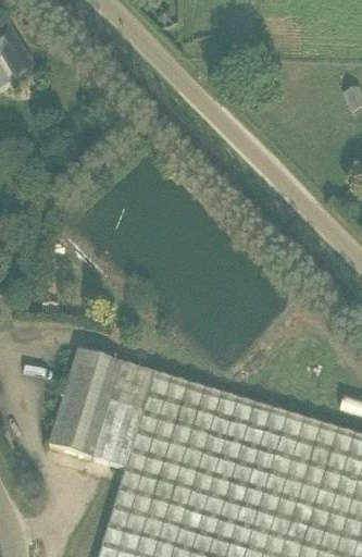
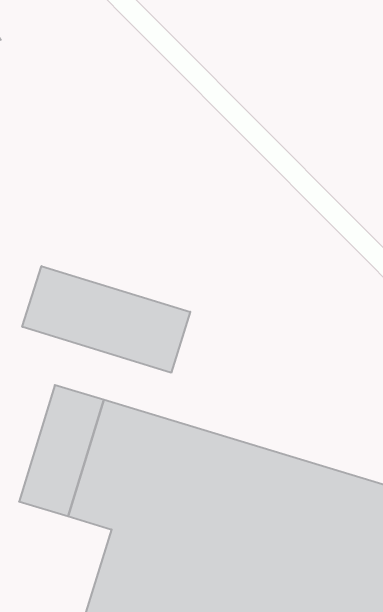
building: none -> [22,266,190,373]

